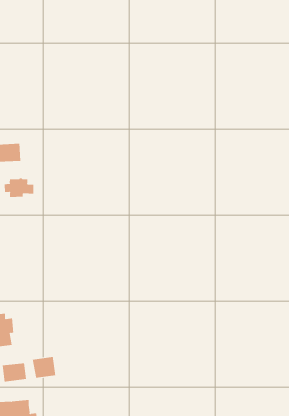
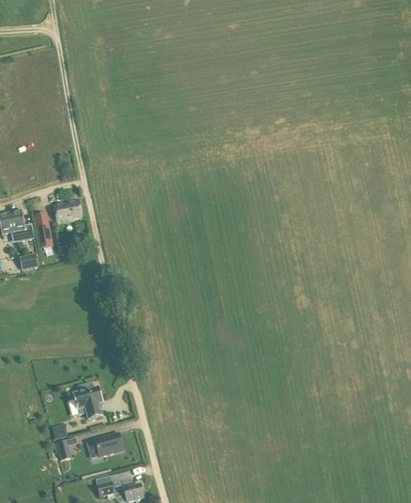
building: [4,178,34,198] -> none
building: [32,356,56,378] -> none

